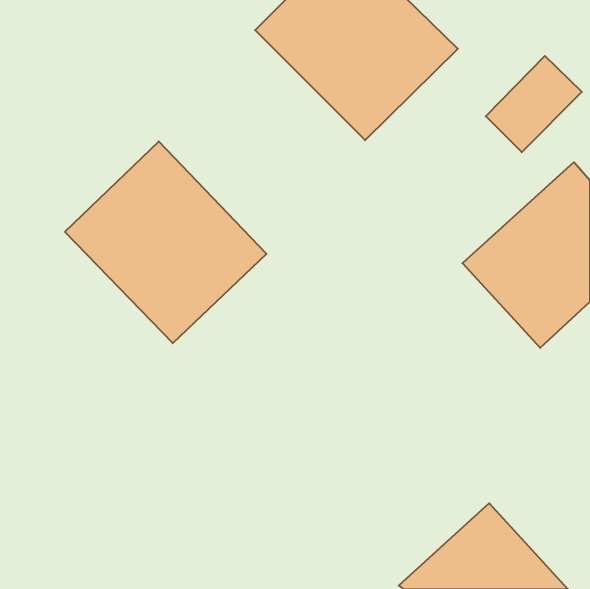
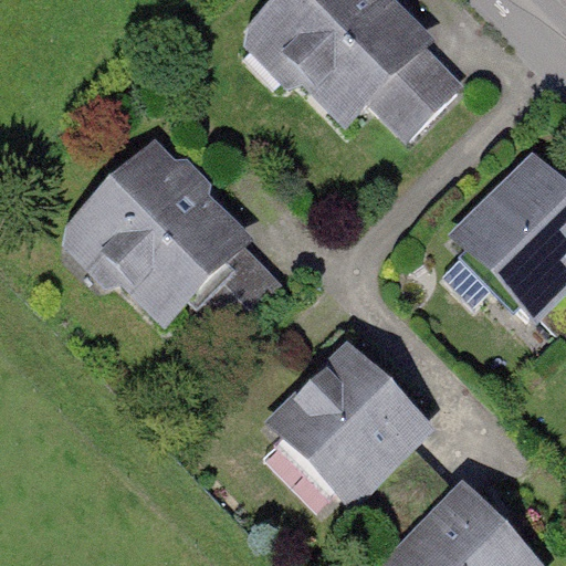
building: [486,56,582,152] -> [380,46,472,138]
building: none -> [247,338,440,531]

